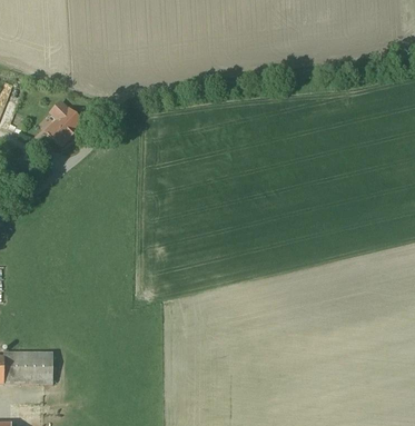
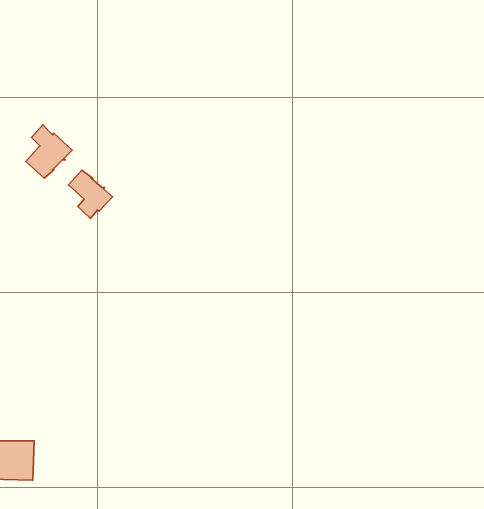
building: none -> [68,170,113,219]

